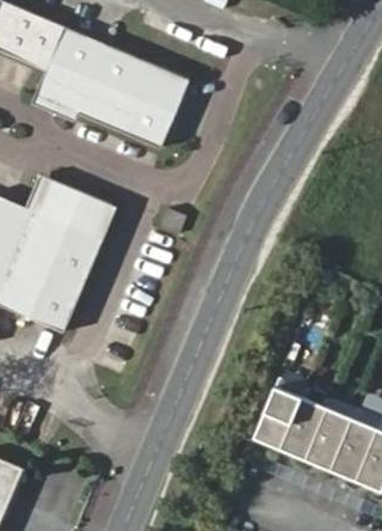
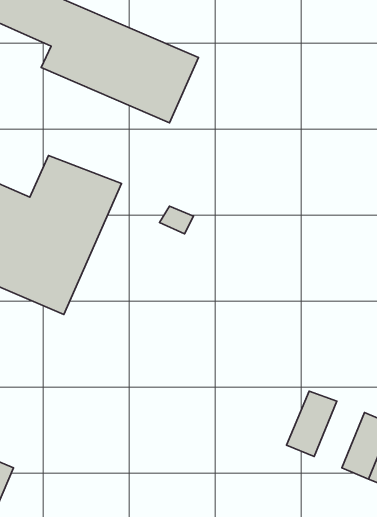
building: [253,387,300,450] -> none
building: [304,408,352,471] -> none

